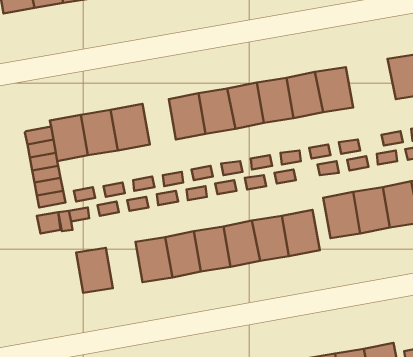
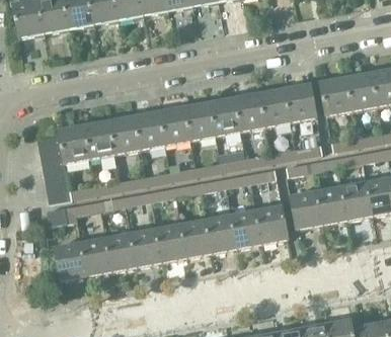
building: none -> [320,76,353,115]
building: none -> [137,110,165,149]
building: none -> [105,232,137,271]
building: none -> [55,241,86,280]

